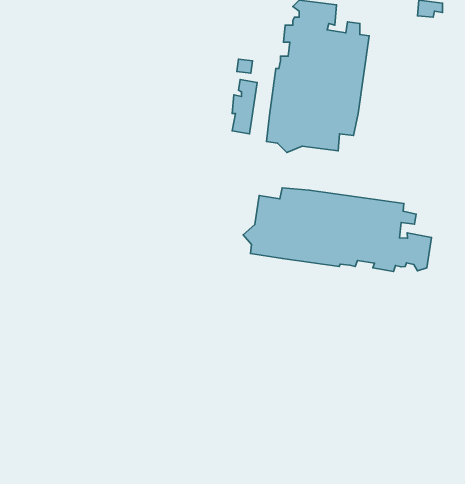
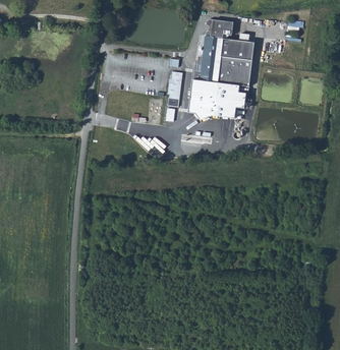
building: [243,188,432,272] -> none

